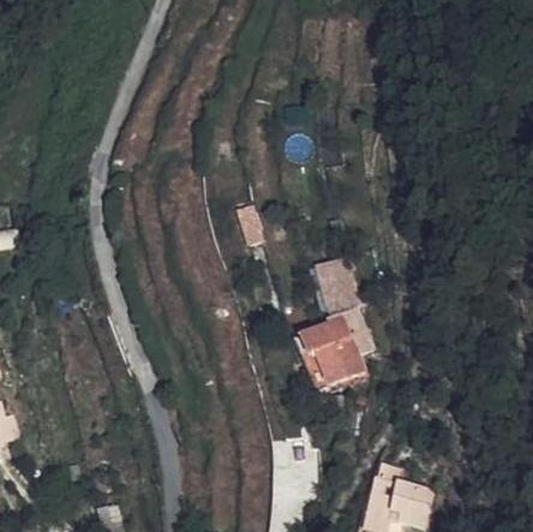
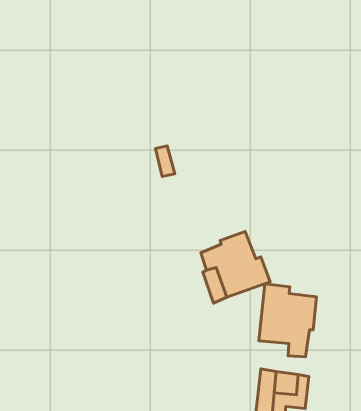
building: [316,256,355,305] -> none
building: none -> [259,284,316,357]

